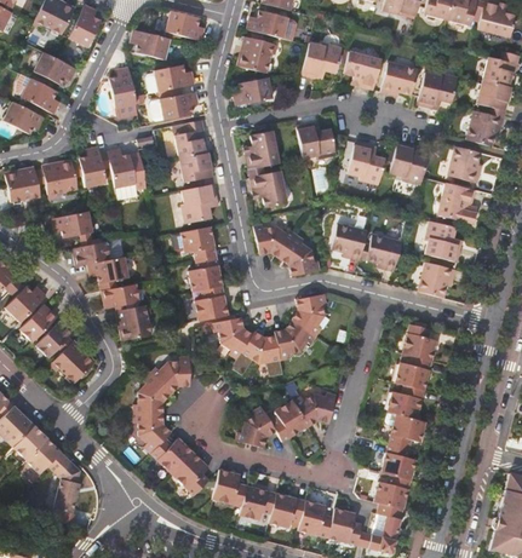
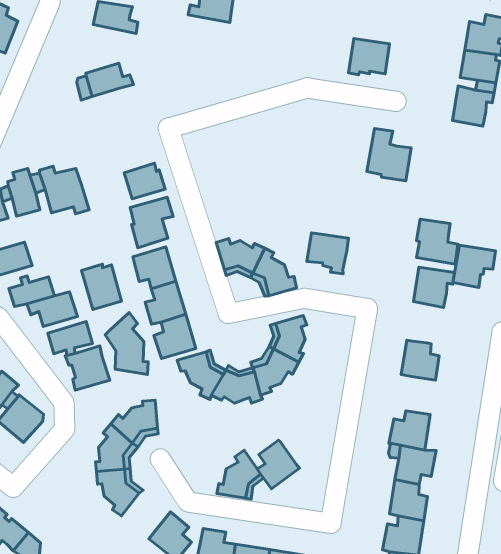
building: [131,29,170,58] -> none
building: [239,35,274,73] -> none
building: [302,41,342,77] -> none
building: [343,51,382,88] -> none
building: [109,67,134,108] -> none
building: [415,70,458,107] -> none
building: [234,77,271,105] -> none
building: [160,91,197,120] -> none
building: [173,119,210,159] -> none
building: [297,122,335,159] -> none
building: [246,131,279,169] -> none
building: [348,140,386,184] -> none
building: [448,145,481,182] -> none
building: [249,171,287,208] -> none
building: [437,182,476,219] -> [453,245,495,287]
building: [361,234,403,271] -> none
building: none -> [81,264,121,309]
building: none -> [105,312,148,375]
building: [396,355,432,389] -> none
building: [294,392,337,421] -> none
building: [153,437,195,474] -> none

